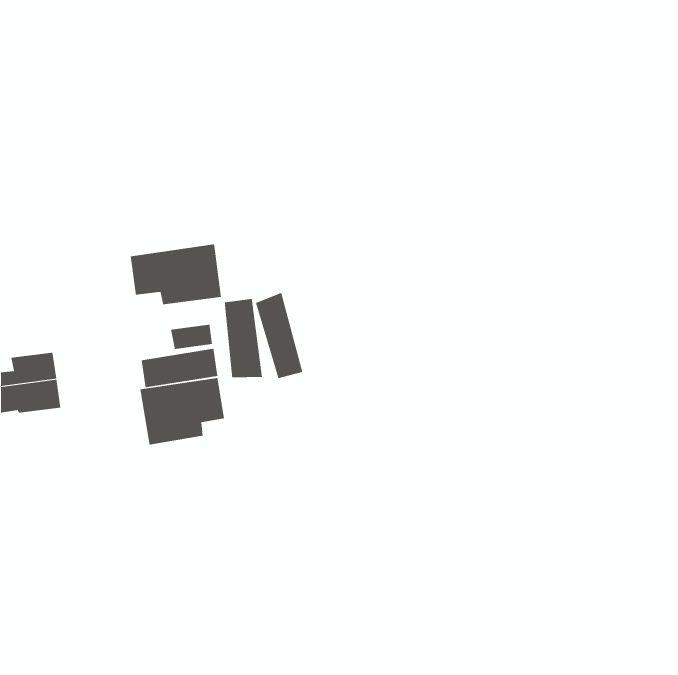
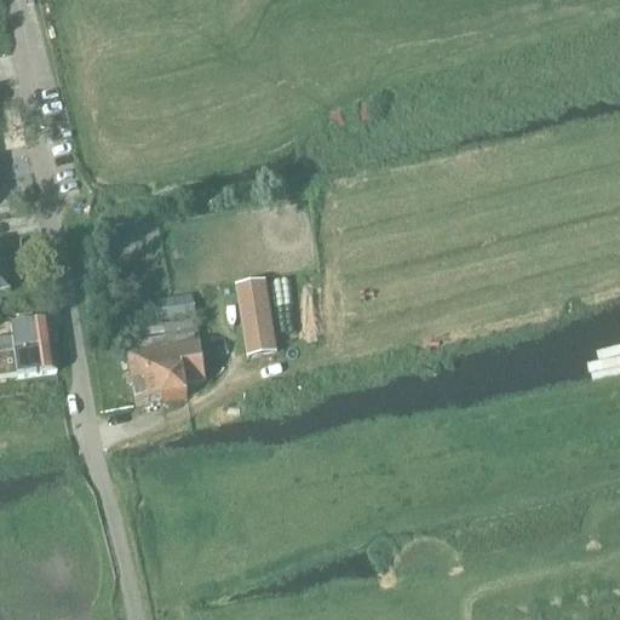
building: [130,244,222,305] -> none
building: [224,298,263,378] -> none

